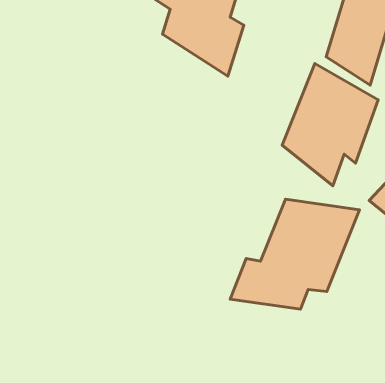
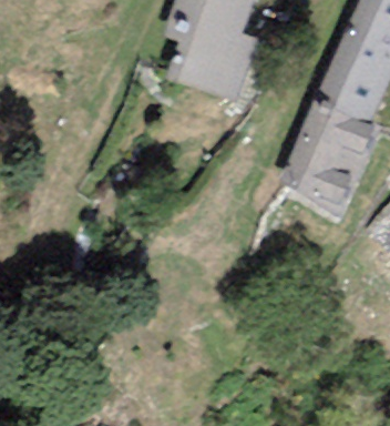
building: [230,199,360,309] -> none

